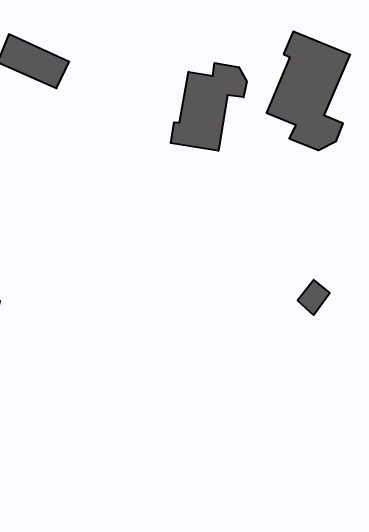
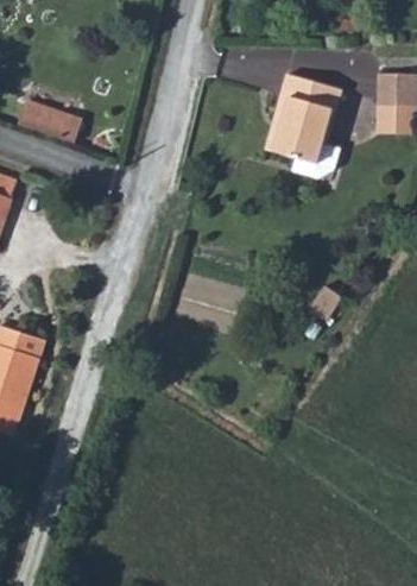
building: [171,63,247,151] -> none

